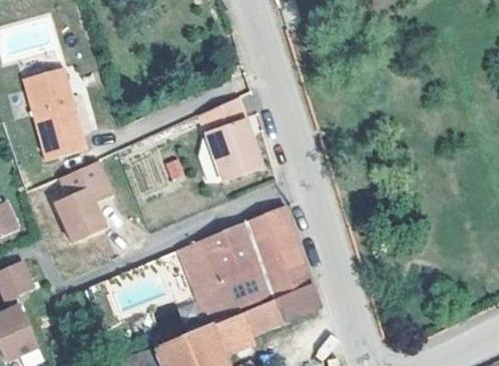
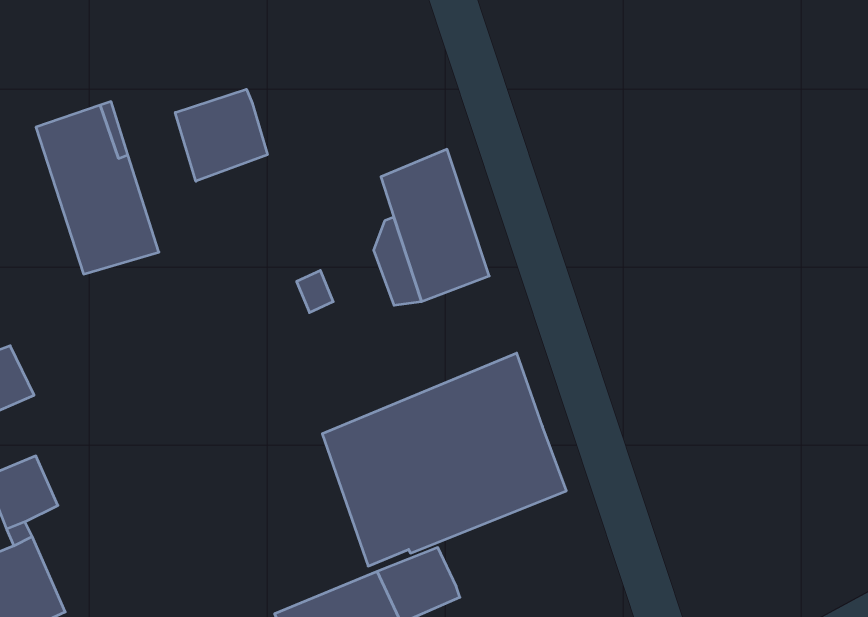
building: none -> [175,89,267,181]
building: [58,160,116,243] -> none
building: [241,282,320,332] -> none

